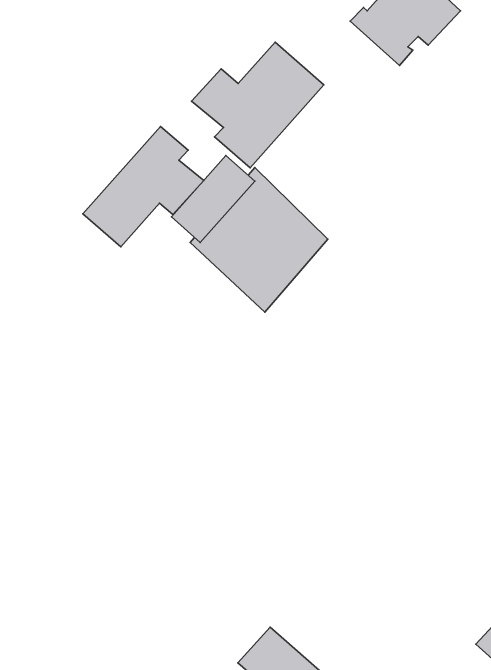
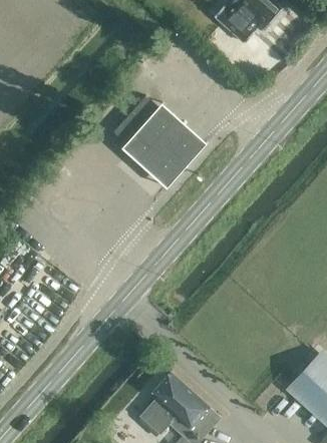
building: [192,42,324,168] -> none
building: [83,127,204,247] -> none

